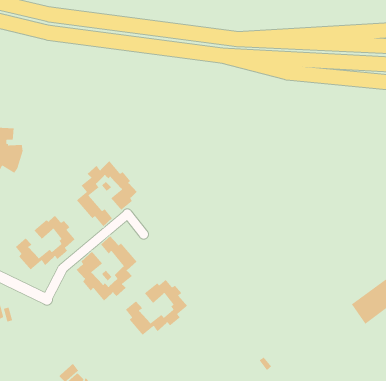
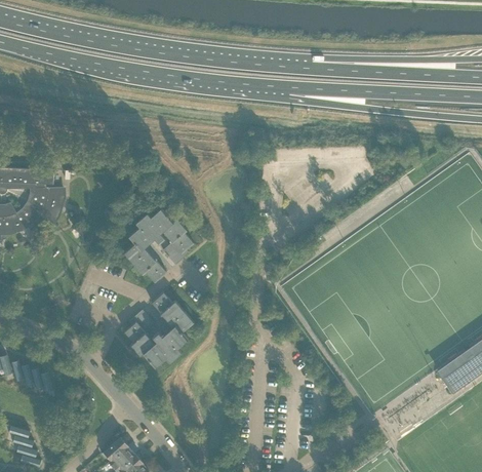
building: [15,215,76,271] -> none
building: [125,279,188,336] -> none

